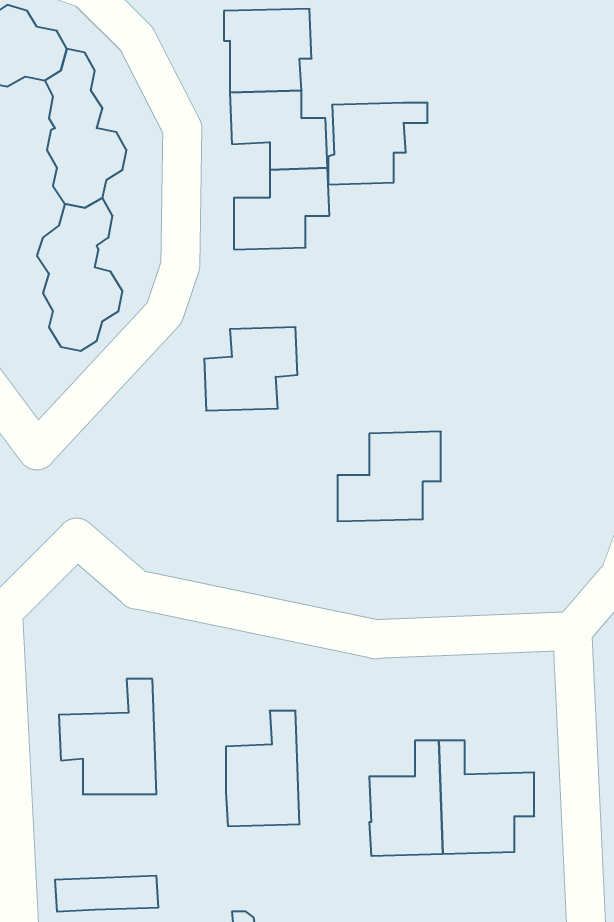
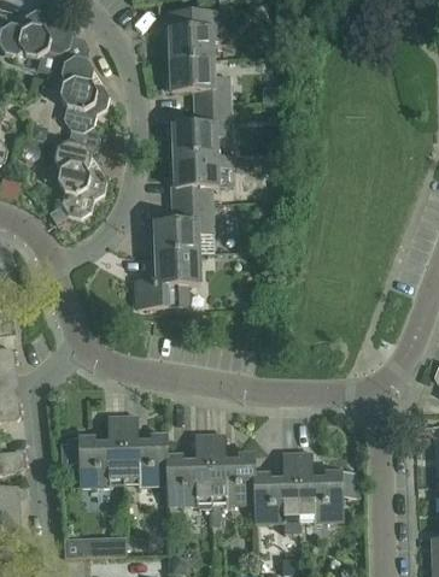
building: [328,103,428,184] -> [170,154,230,204]
building: [337,432,441,521] -> [136,252,199,306]
building: none -> [123,416,168,485]
building: none -> [210,434,256,524]

